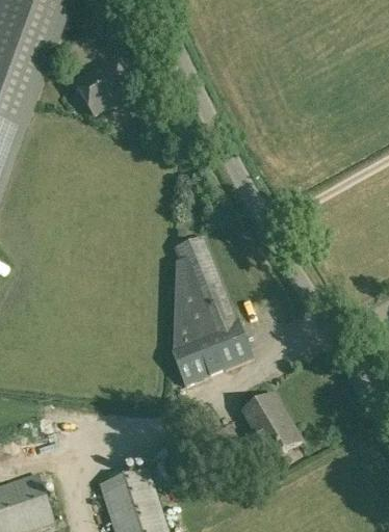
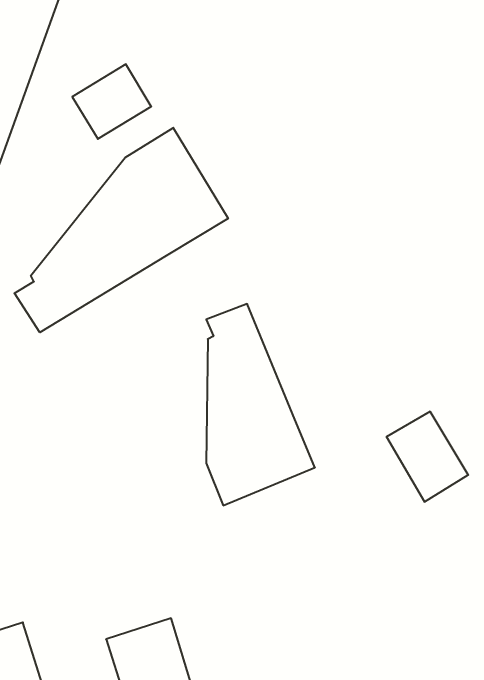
building: none -> [14,128,228,332]
building: [239,394,300,460] -> [386,412,468,502]

